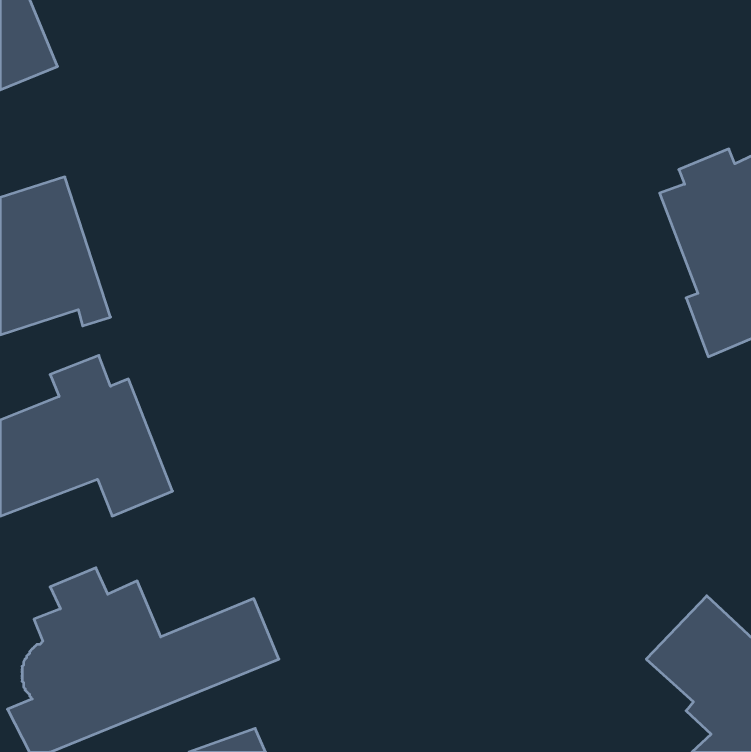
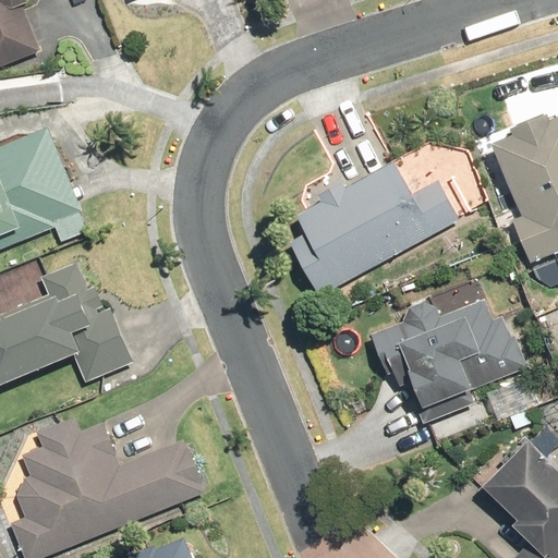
building: none -> [278,163,460,296]
building: none -> [371,292,538,426]

